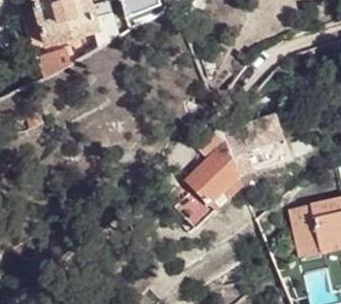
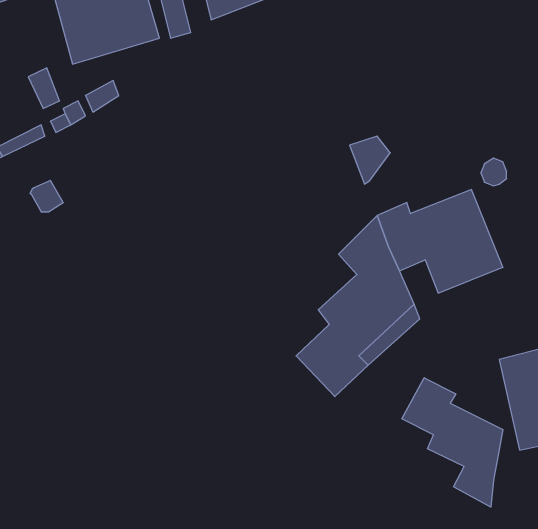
building: none -> [402,378,503,507]

